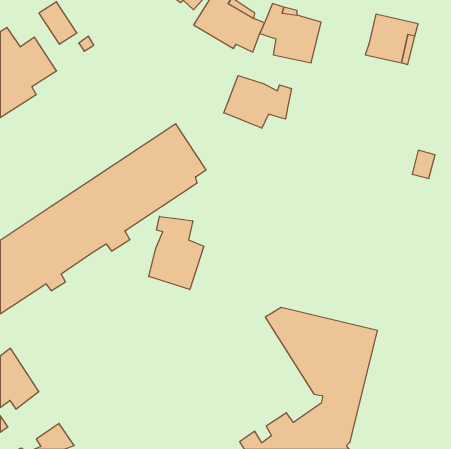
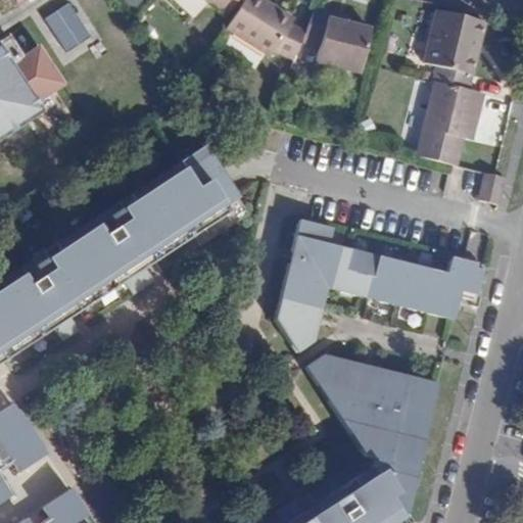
building: none -> [418,80,484,163]
building: [224,76,292,128] -> none
building: none -> [275,220,482,350]
building: [149,216,204,290] -> none

